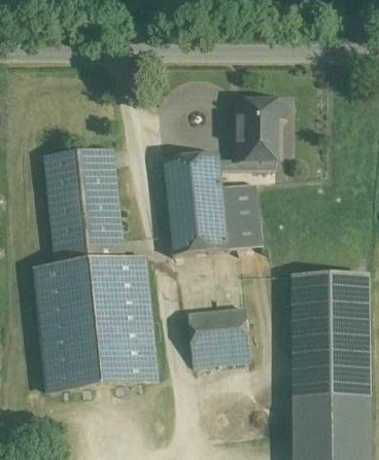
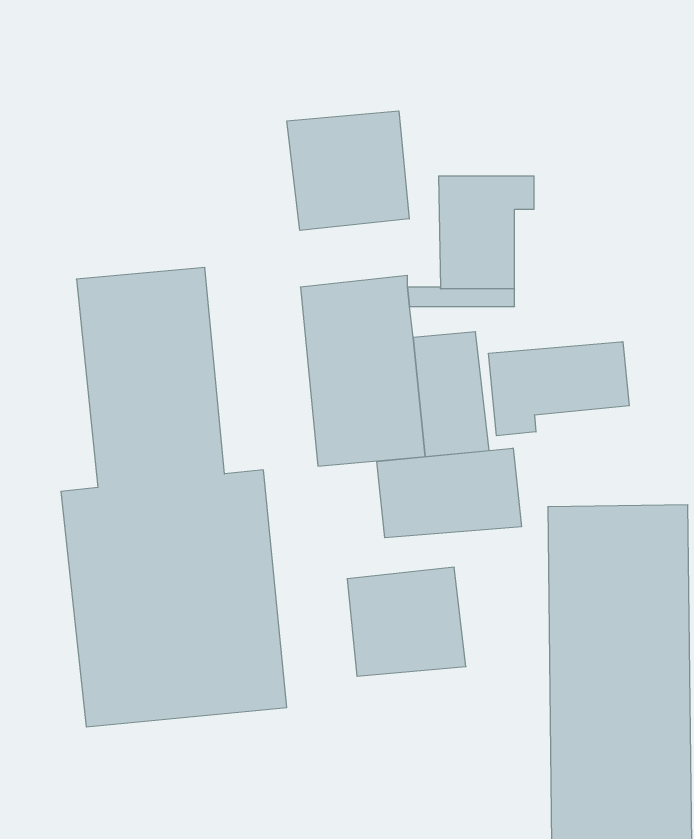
building: none -> [287,111,409,230]
building: none -> [489,342,629,436]
building: none -> [377,448,521,538]

